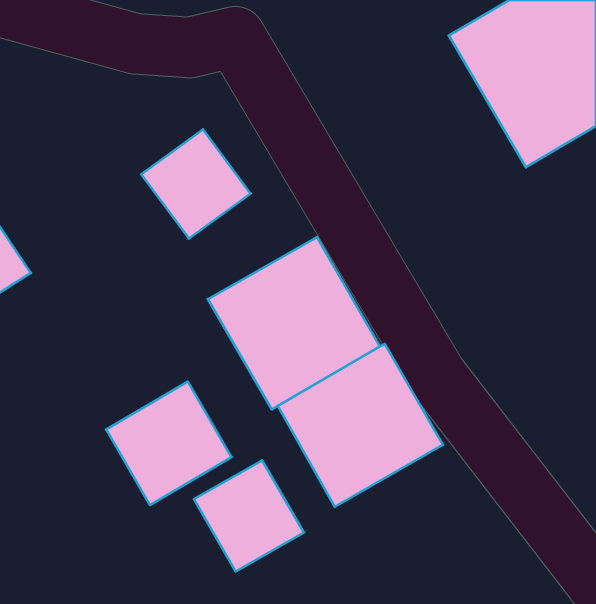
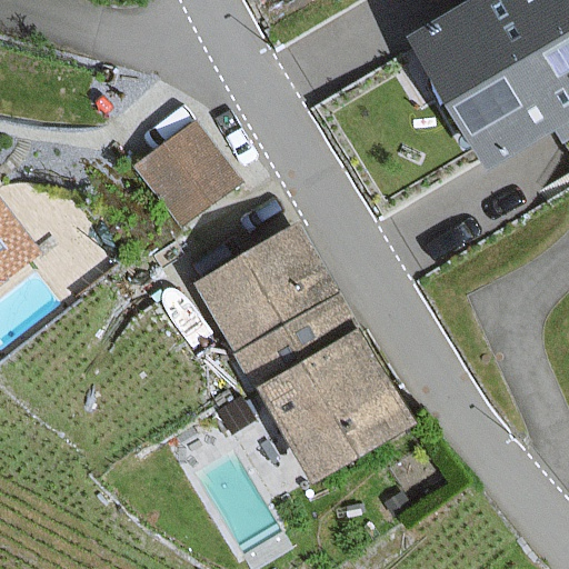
building: [106,382,232,505] -> none
building: [194,460,304,571] -> none

